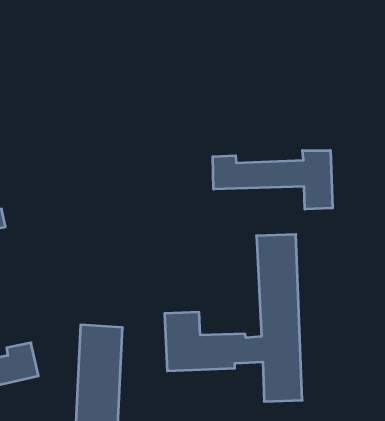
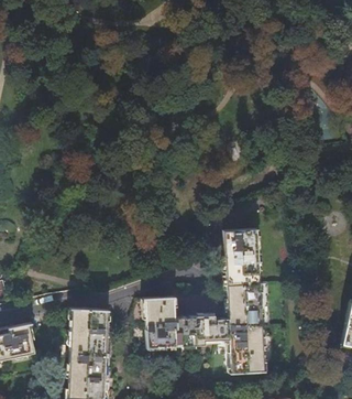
building: [213,150,333,209] -> none

